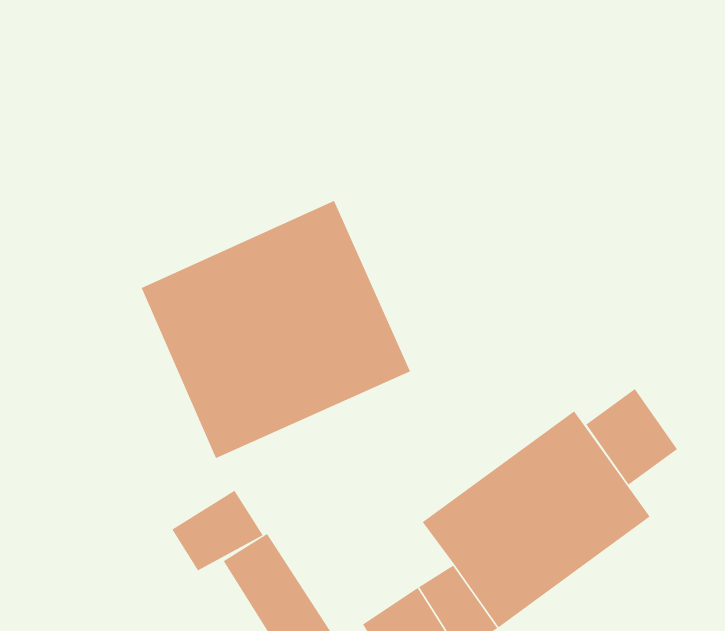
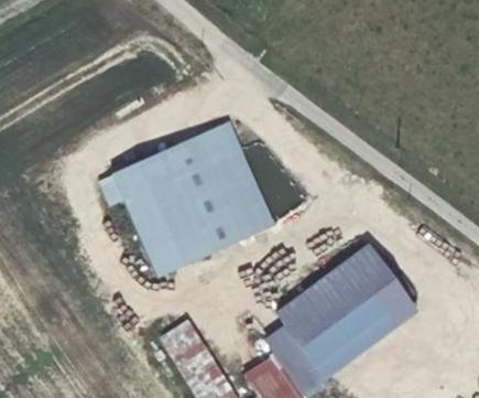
building: [585,388,678,486] -> none
building: [172,490,264,571] -> none

